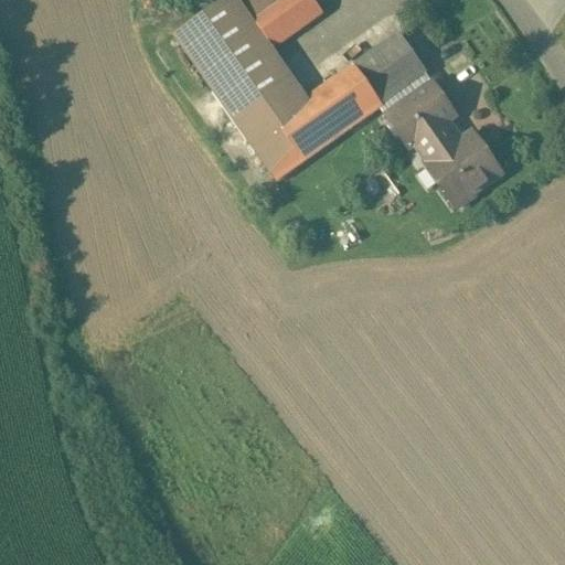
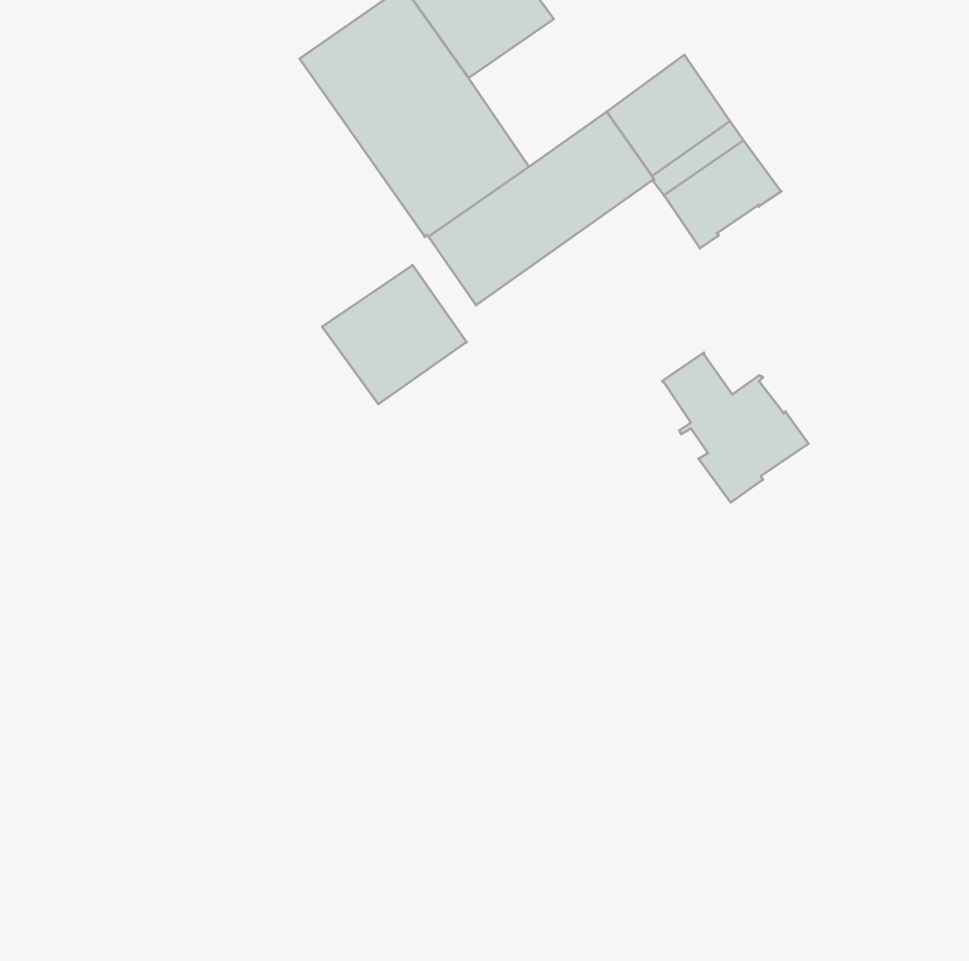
building: [417,119,502,206] -> [662,353,808,502]
building: none -> [322,265,467,404]

